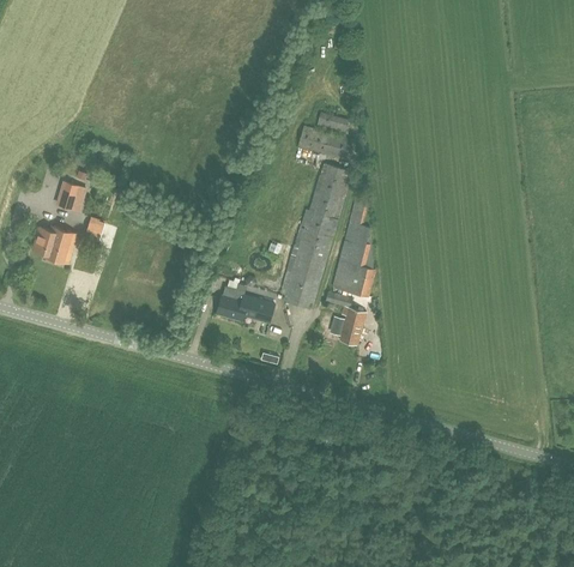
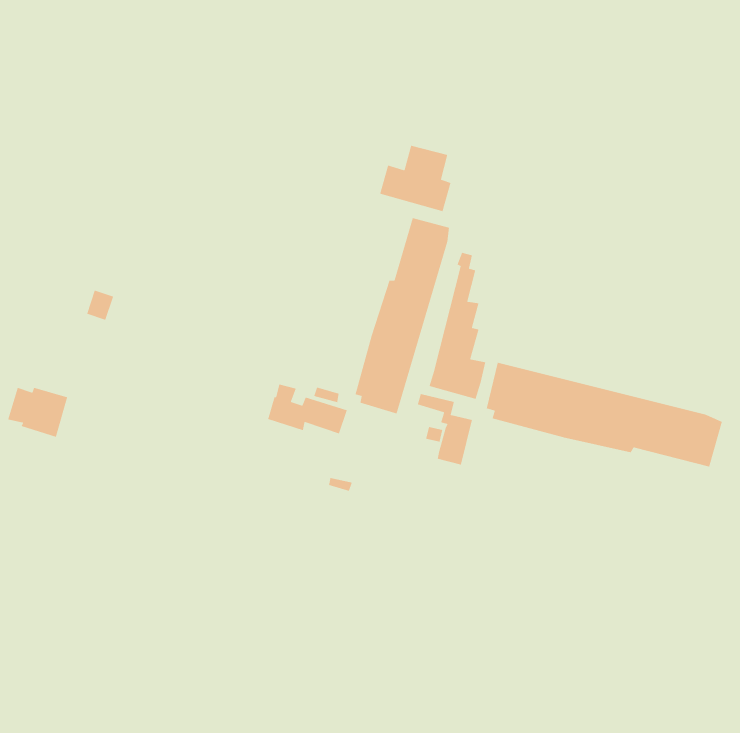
building: [56,182,84,211] -> none
building: [31,227,75,264] -> [7,387,68,438]
building: none -> [486,362,723,467]

